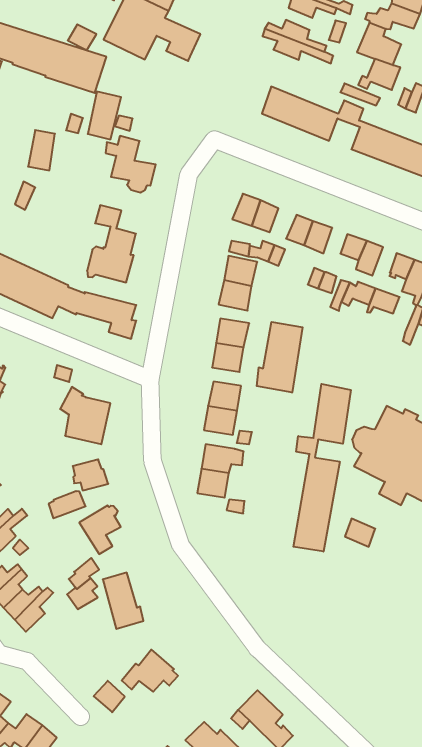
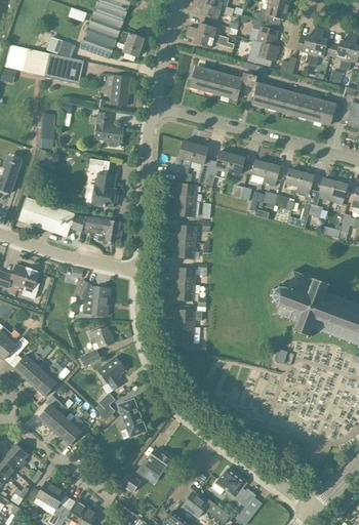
building: [88,92,121,139] -> [111,75,130,106]
building: [257,322,303,393] -> none
building: [293,384,351,552] -> none

